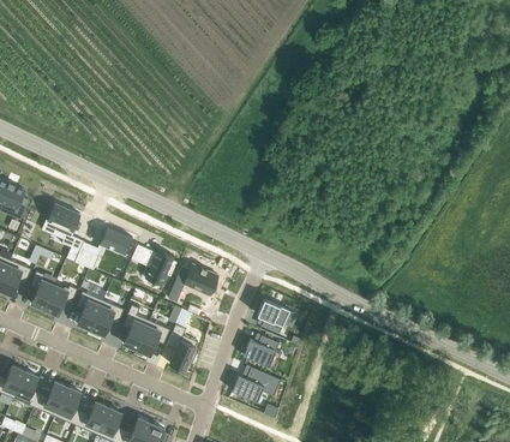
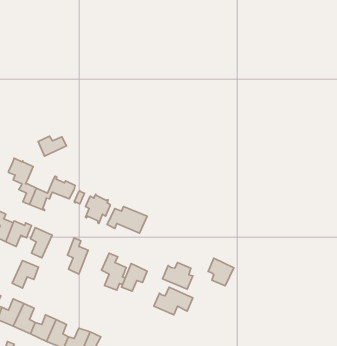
building: none -> [38,136,66,156]
building: [257,298,289,333] -> [208,258,234,286]
building: [90,300,124,335] -> [12,261,39,288]
building: [137,319,169,354] -> [122,264,147,291]

